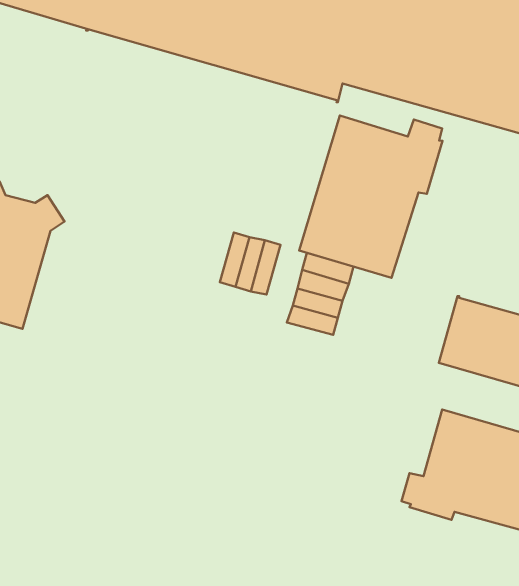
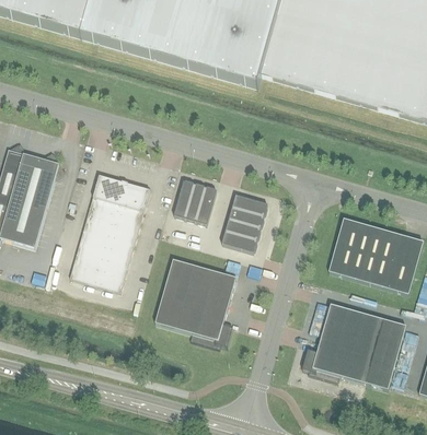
building: [299,115,443,278] -> none
building: none -> [70,174,150,291]
building: none -> [155,258,236,346]

